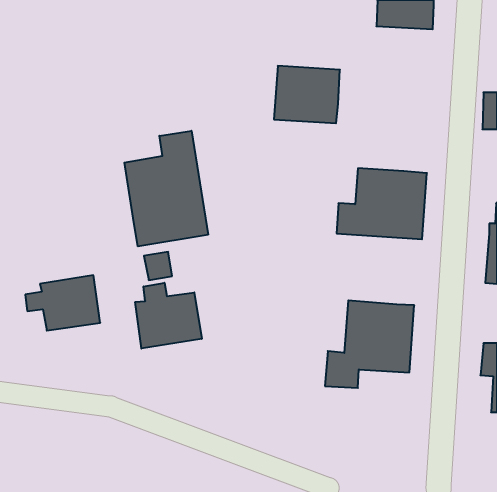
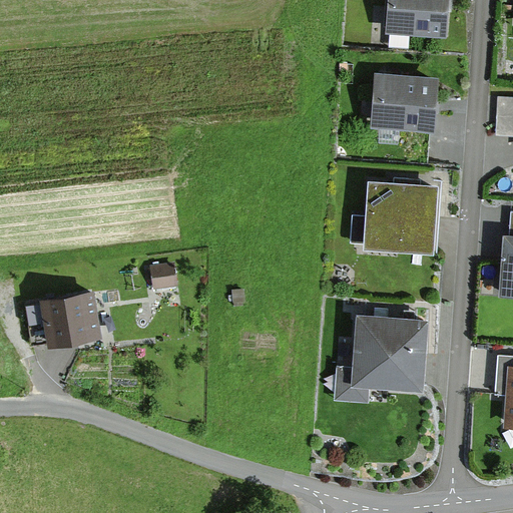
building: [274,66,340,123] -> [370,74,438,133]
building: [124,131,208,246] -> none
building: [135,283,202,349] -> none

